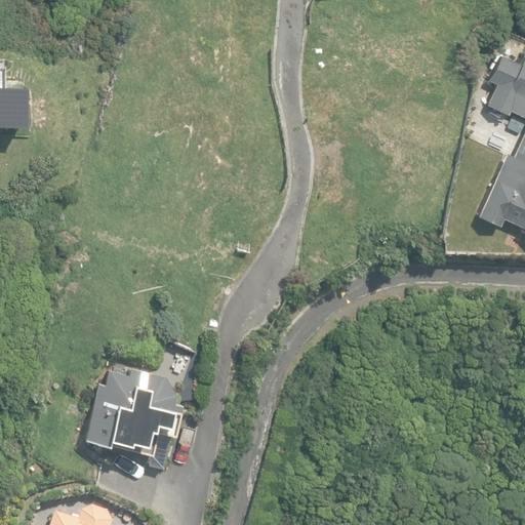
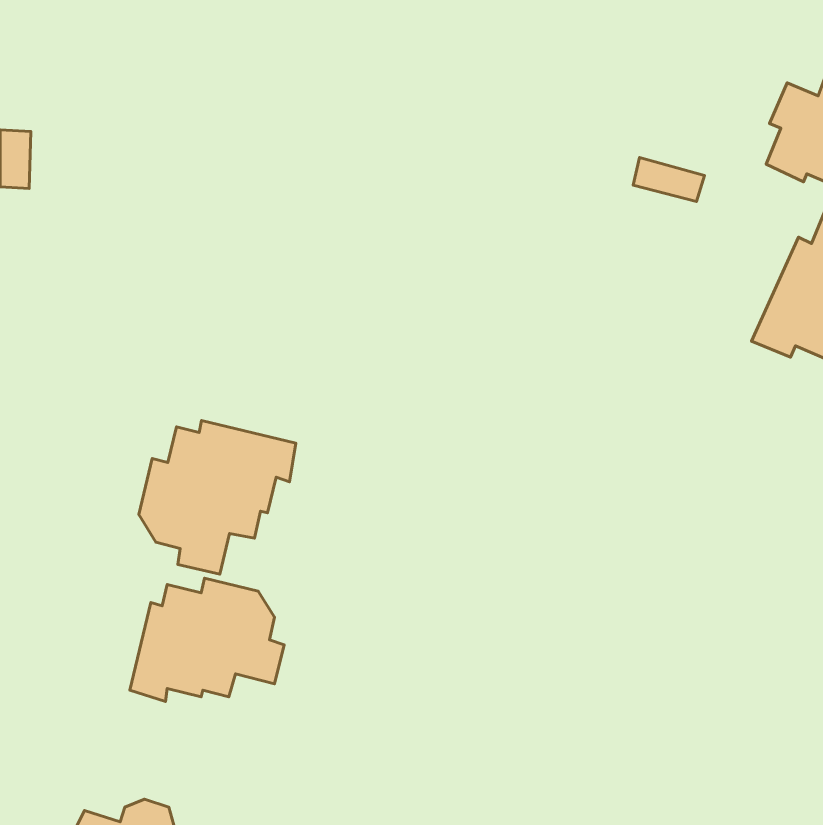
building: none -> [139,421,296,574]

